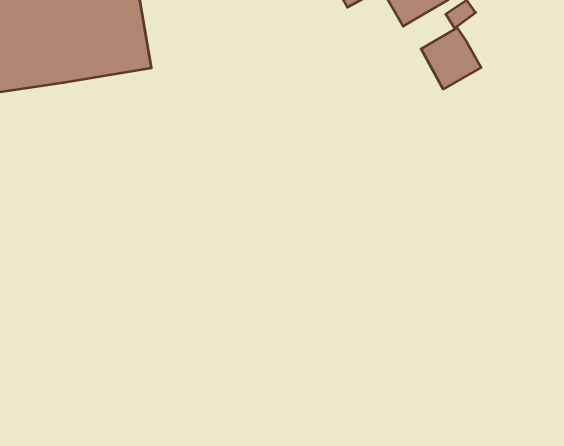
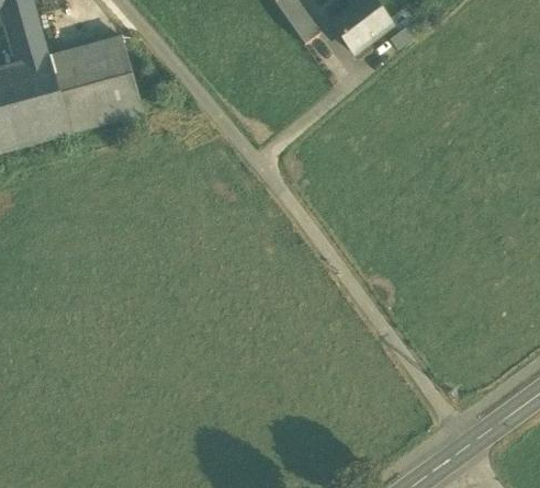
building: [421,28,481,89] -> none

